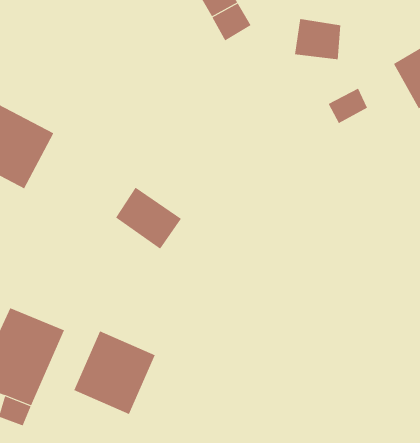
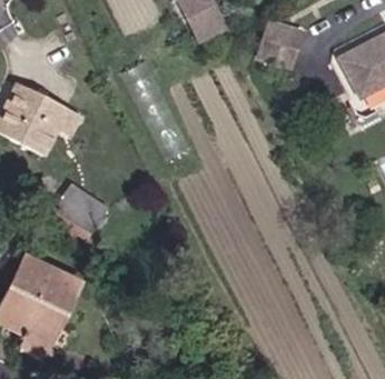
building: [115,187,182,249] -> [52,184,108,237]
building: [73,331,155,415] -> none

